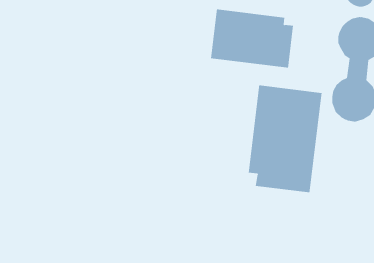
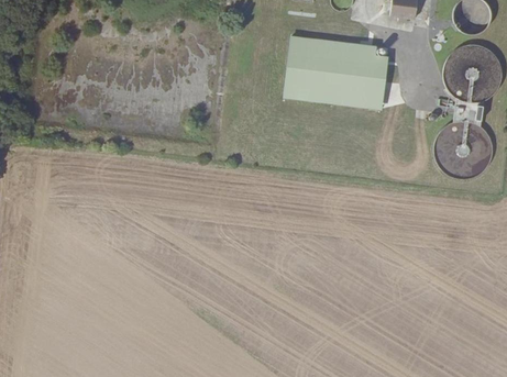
building: [248,85,322,193] -> none

